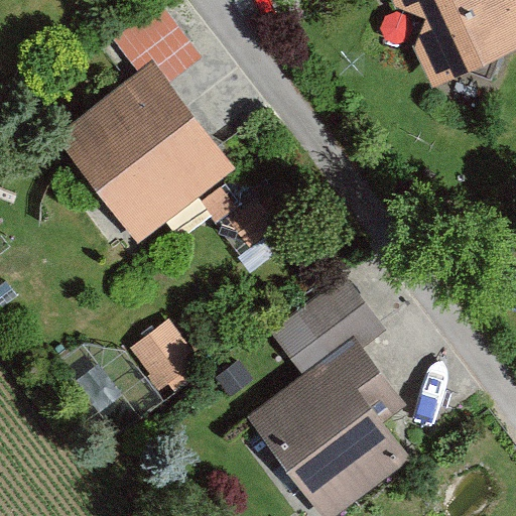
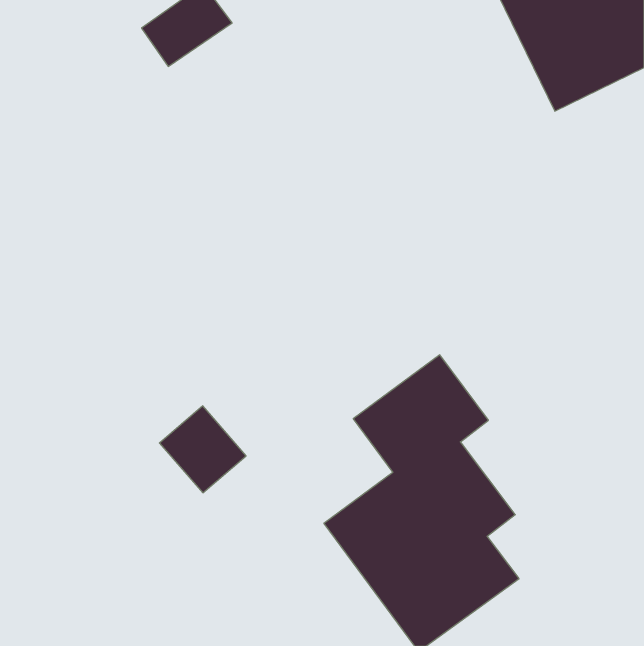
building: [56,62,234,243] -> none

